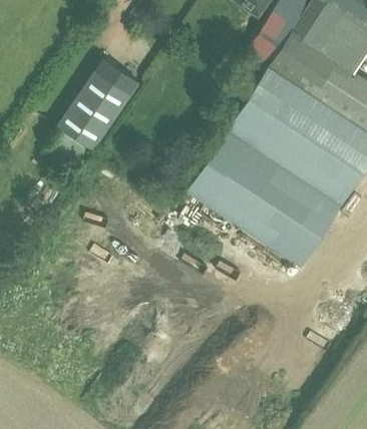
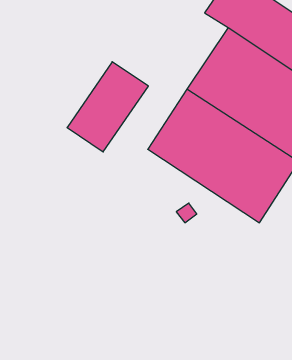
building: [56,59,139,151] -> [67,62,148,152]

